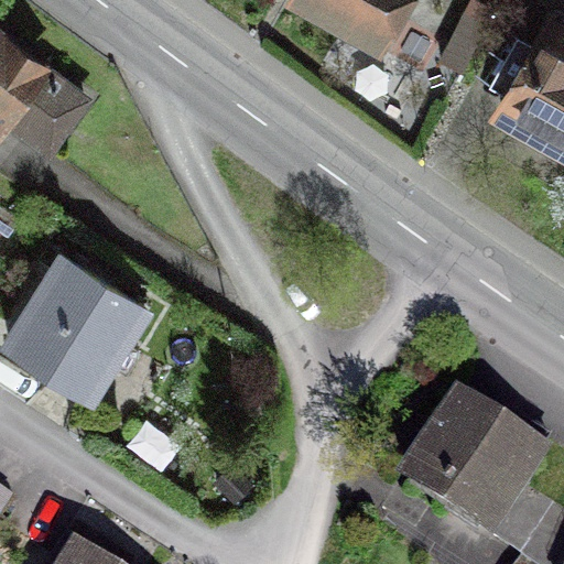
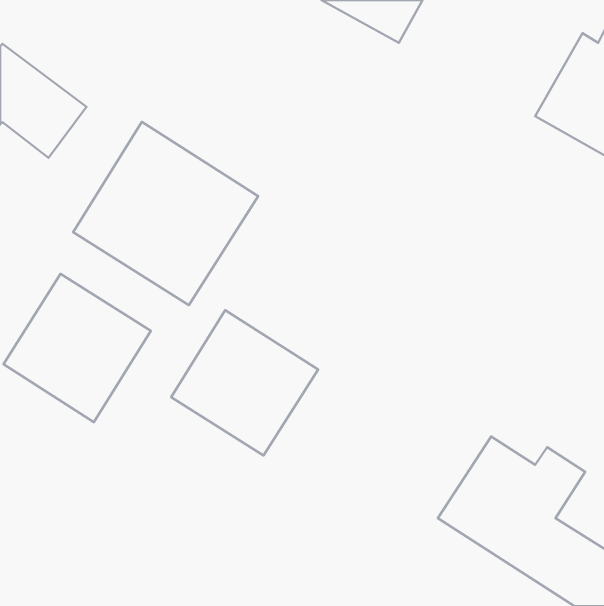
building: none -> [73,122,258,305]
building: none -> [171,310,318,456]

